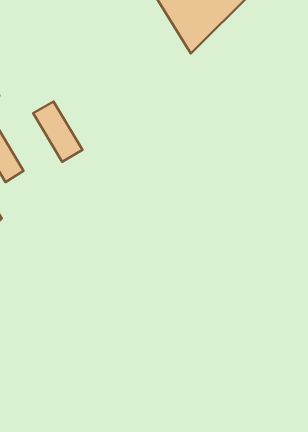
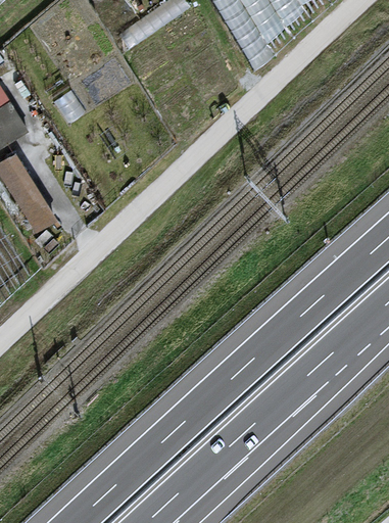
building: [33,101,82,162] -> none

